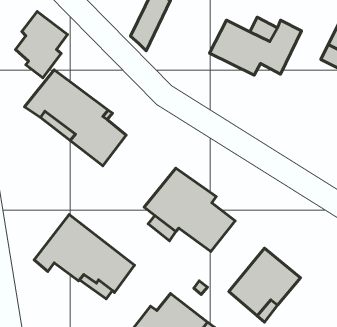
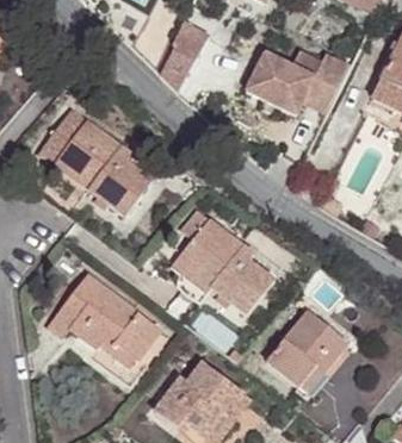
building: [16,11,67,78] -> none

